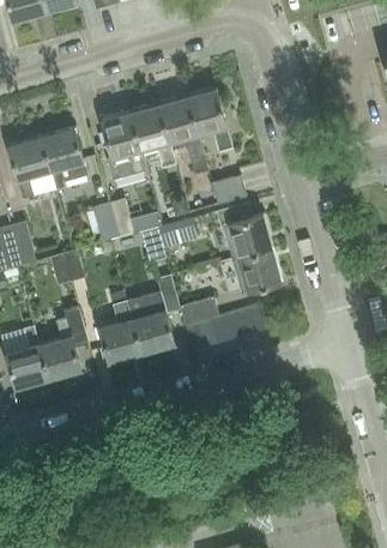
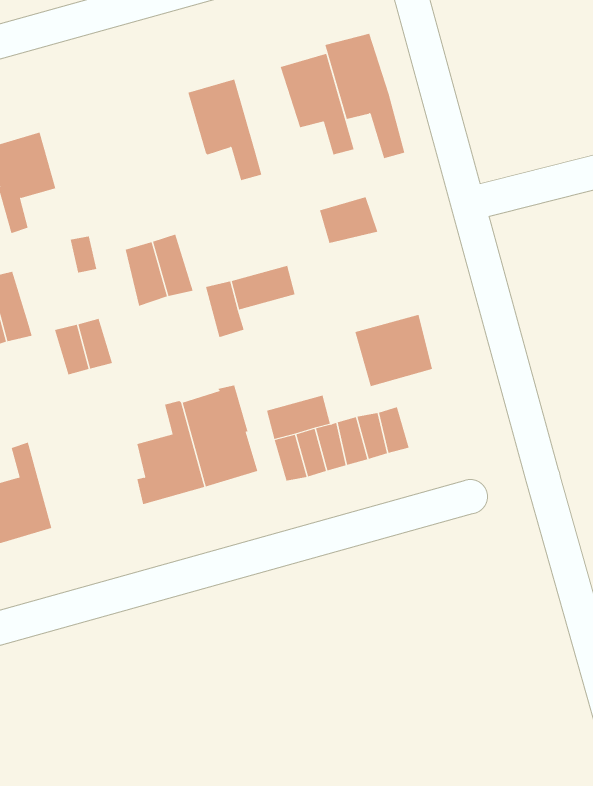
building: [159,97,208,174] -> [325,33,405,159]
building: [102,113,147,180] -> none
building: [41,128,87,189] -> none
building: [223,213,272,259] -> none
building: [38,318,80,379] -> none

